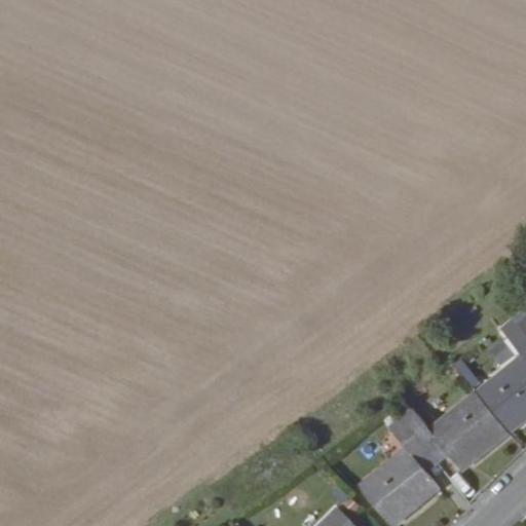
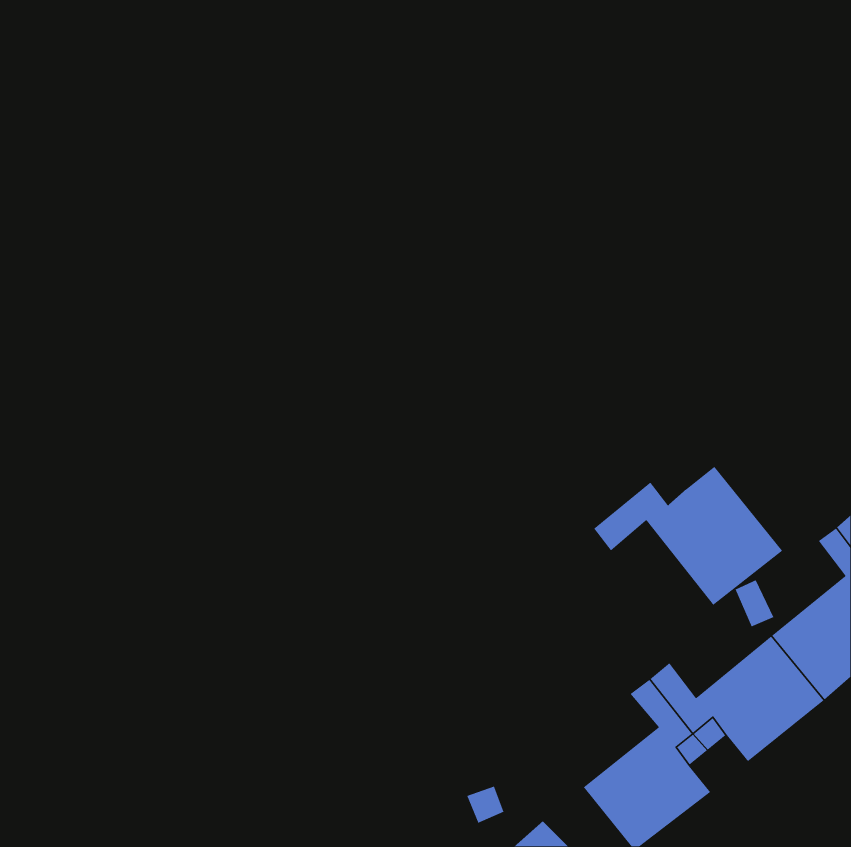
building: none -> [593,466,783,606]

